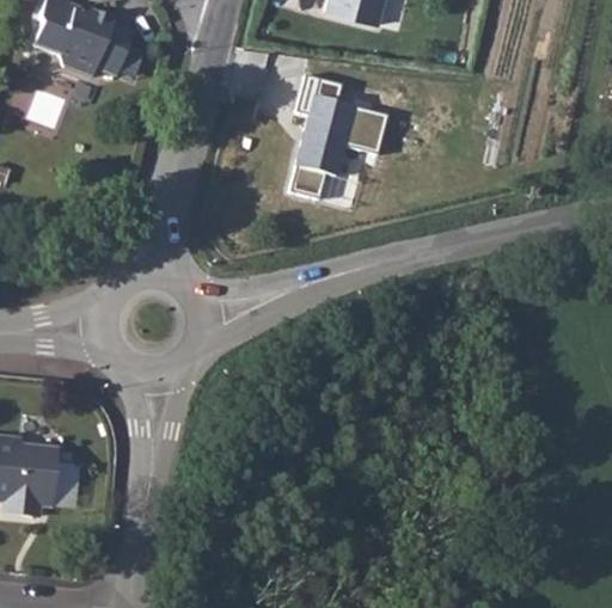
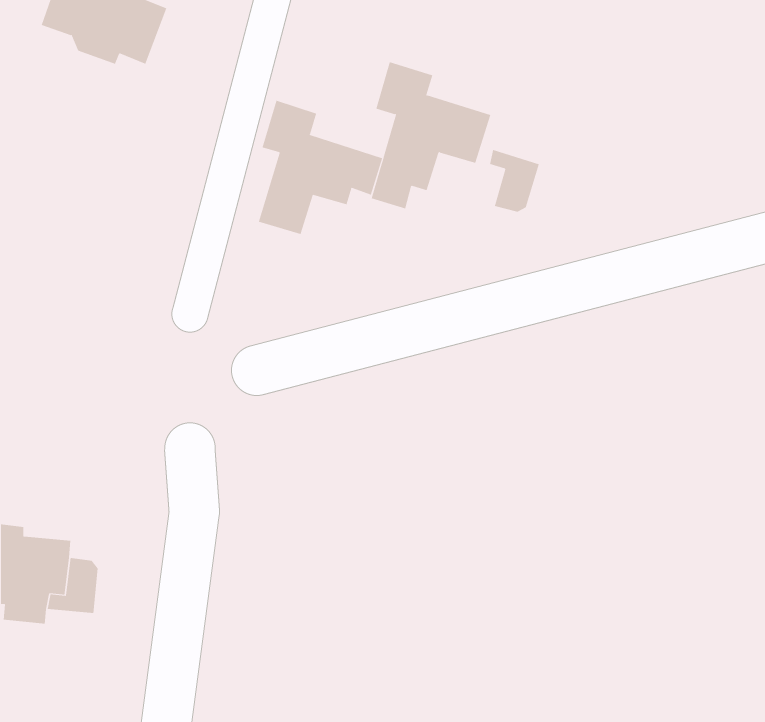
building: none -> [258,100,383,235]
building: none -> [490,149,540,213]

